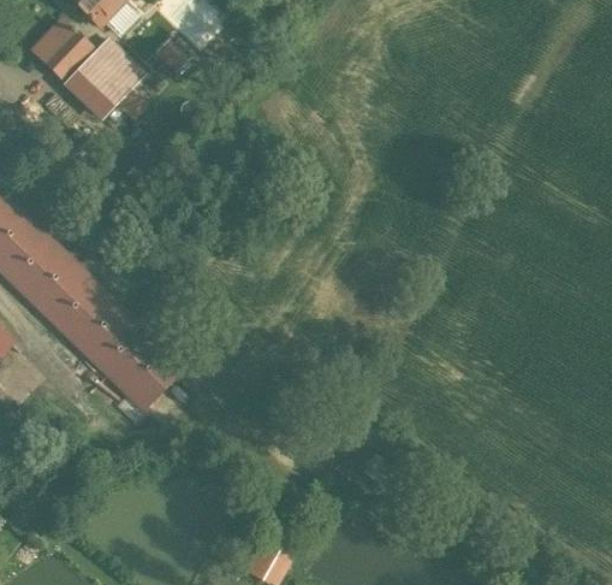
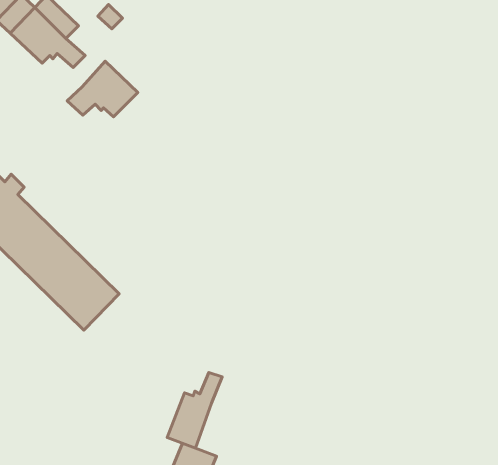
building: none -> [67,61,138,117]
building: none -> [167,372,222,448]

